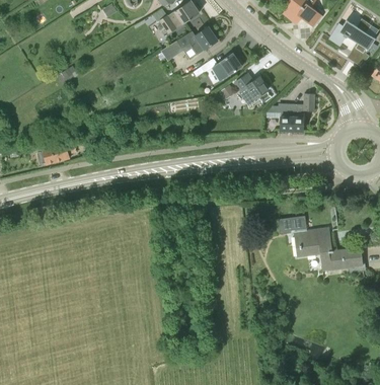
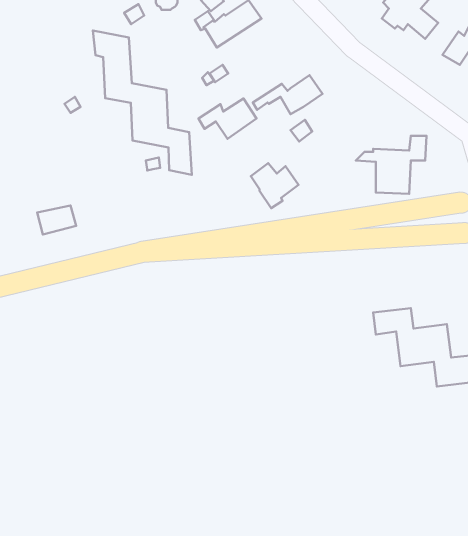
building: none -> [93,31,192,175]
building: [177,26,218,55] -> [199,98,257,139]
building: [235,74,269,105] -> [251,163,299,208]

